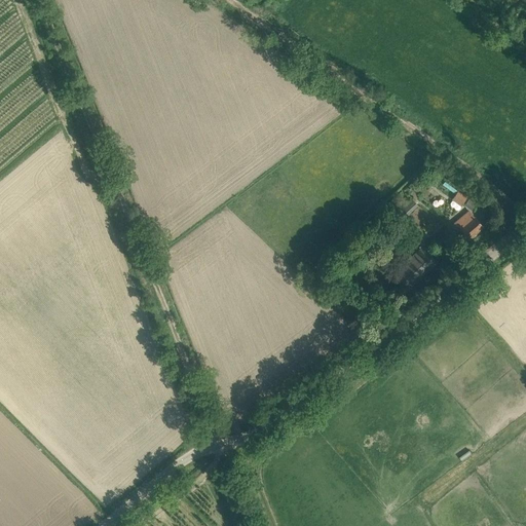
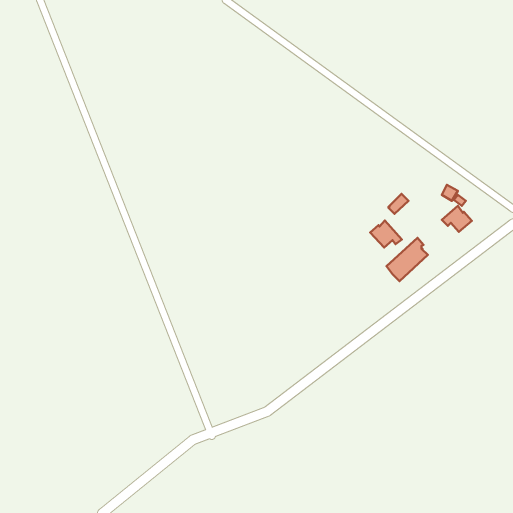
building: none -> [370,220,402,248]

